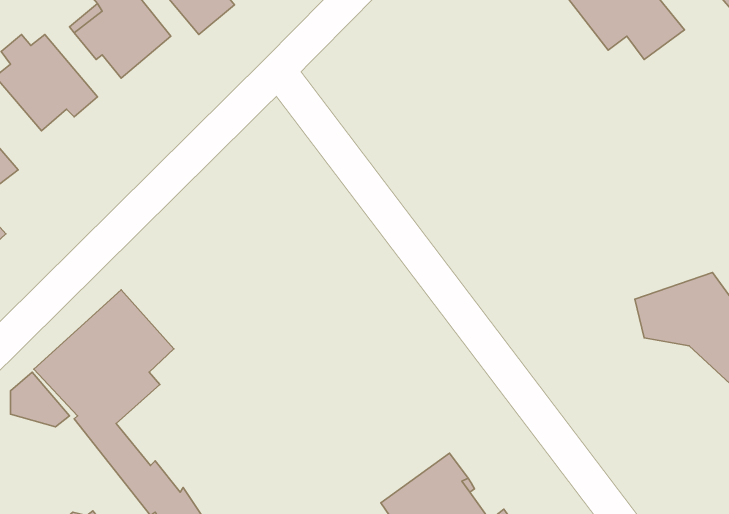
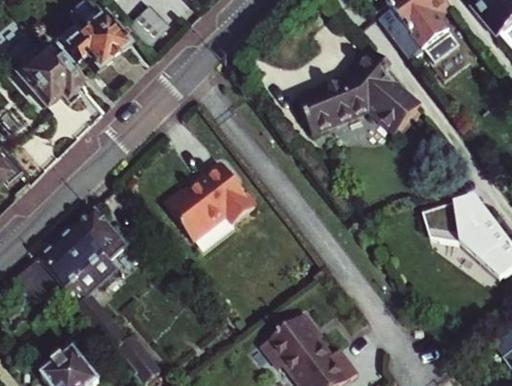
building: none -> [301,51,420,133]
building: none -> [165,163,256,240]

